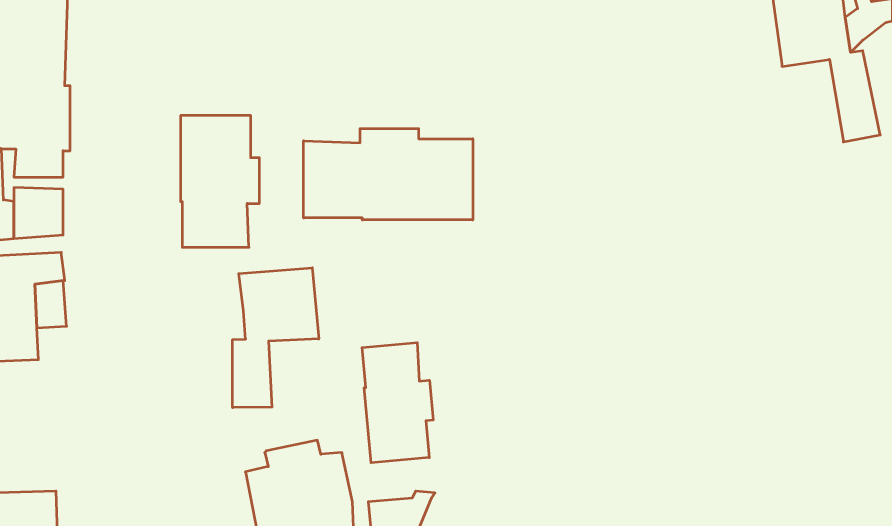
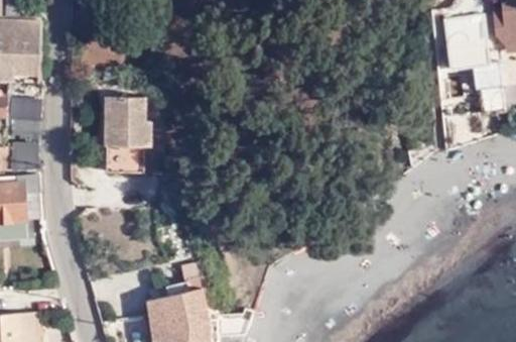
building: [304,129,473,220] -> none
building: [233,268,319,408] -> none
building: [362,343,433,463] -> none

